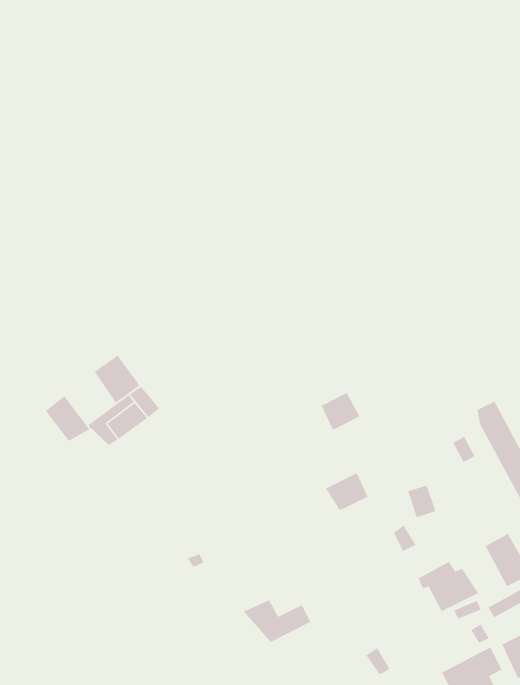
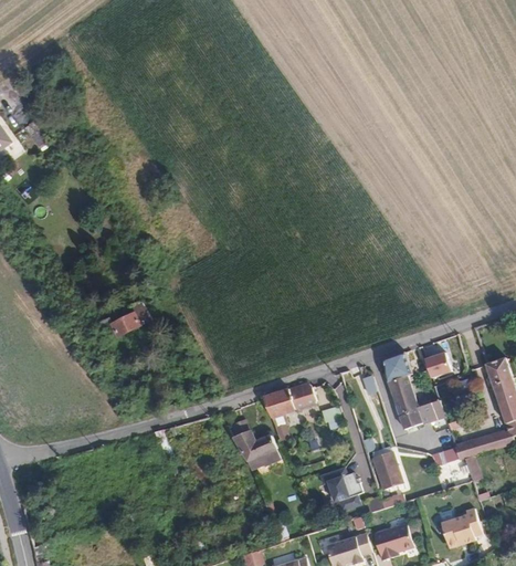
building: [94,355,141,404] -> none
building: [321,392,360,431] -> [288,382,316,409]
building: [45,395,90,442] -> none
building: [243,599,311,643] -> [231,426,280,458]

